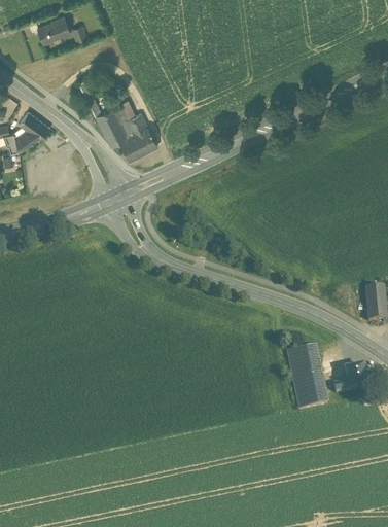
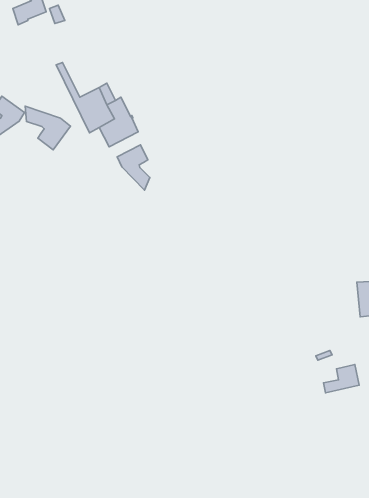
building: none -> [25,106,70,150]
building: none -> [117,145,150,190]
building: [287,346,327,410] -> none

